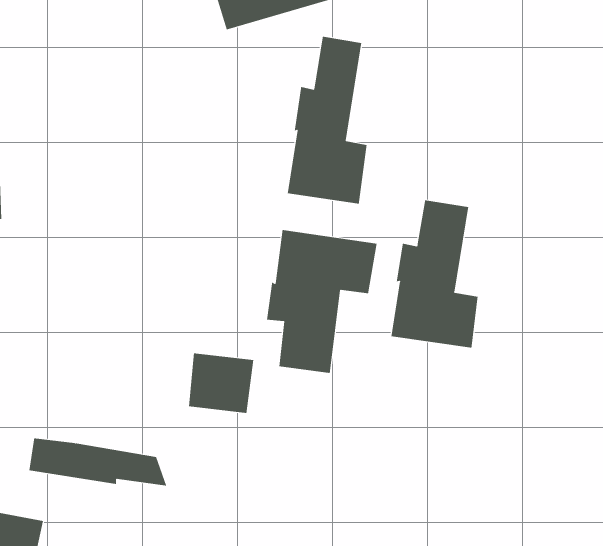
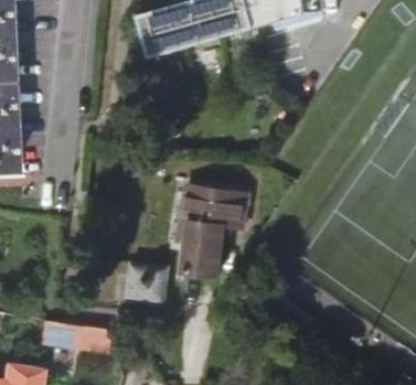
building: [287,36,367,204] -> none
building: [391,199,478,349] -> none

